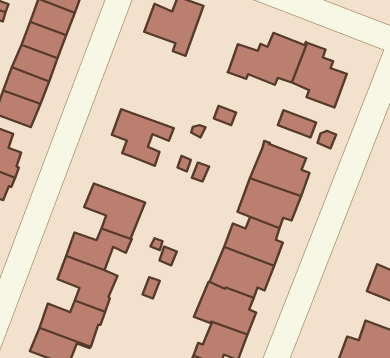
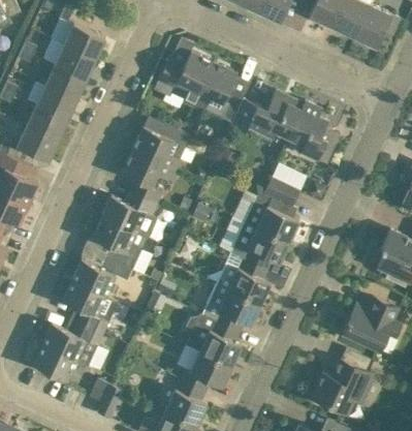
building: none -> [193,61,242,122]
building: none -> [131,122,189,171]
building: none -> [263,177,299,205]
building: none -> [101,193,161,237]

